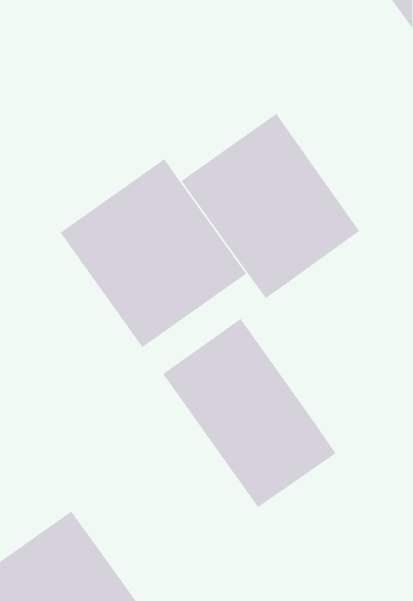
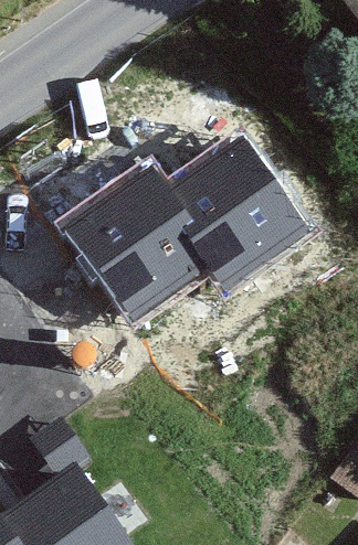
building: [162,318,336,508] -> none

